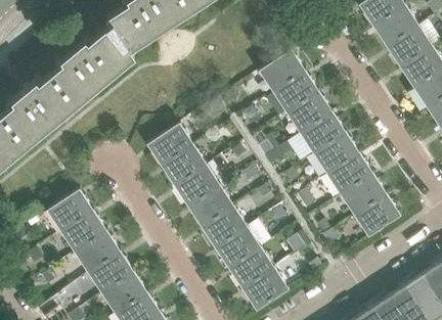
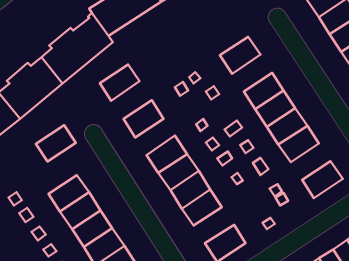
building: [274,73,320,116] -> none
building: [162,147,208,189] -> [100,64,140,101]
building: [342,176,388,218] -> none
building: [48,192,94,234] -> [36,125,76,161]
building: [229,249,276,291] -> none

